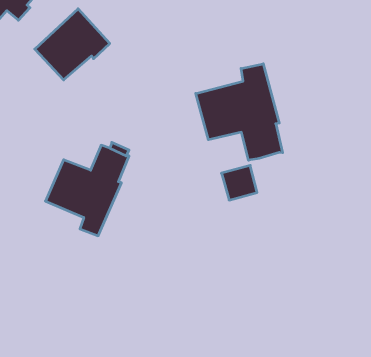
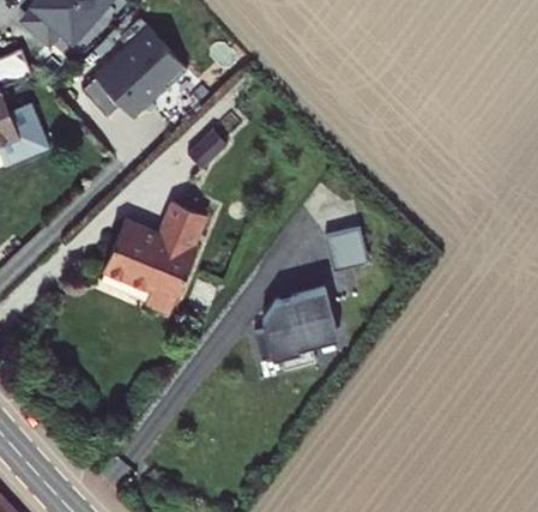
building: [196,64,283,160] -> none
building: none -> [252,287,336,371]

